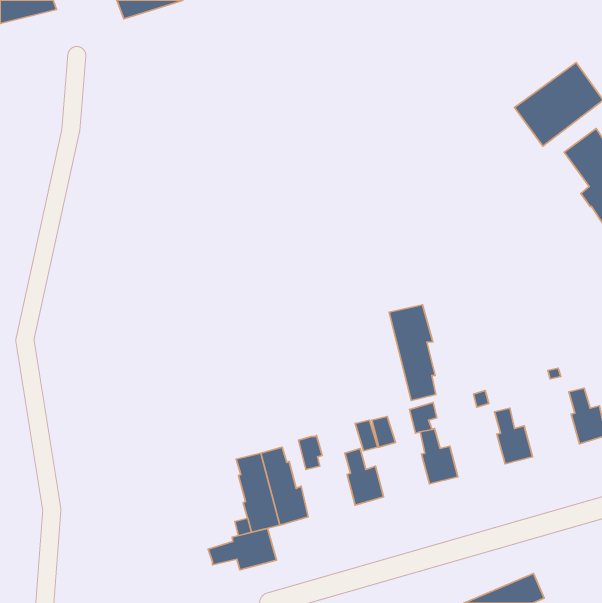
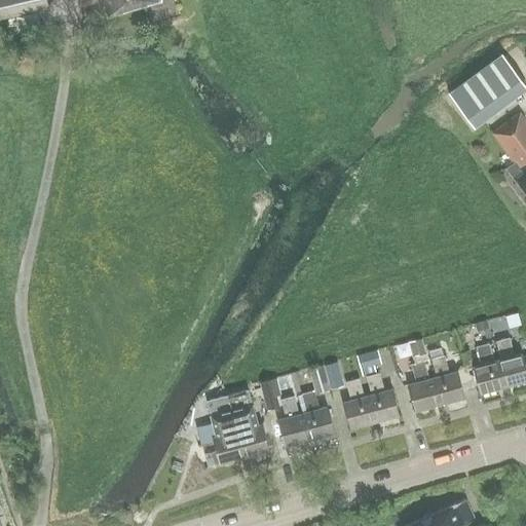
building: [389,305,436,400] -> none
building: none -> [473,343,505,393]
building: none -> [408,361,441,411]
building: none -> [343,378,375,428]
building: none -> [278,396,310,446]
building: [208,528,277,570] -> none

